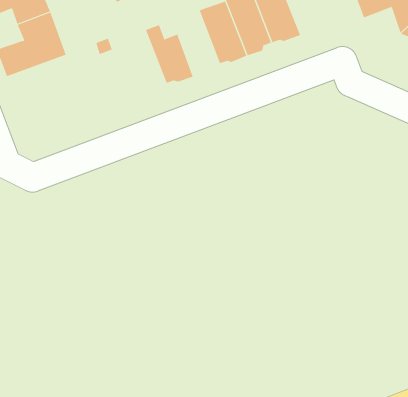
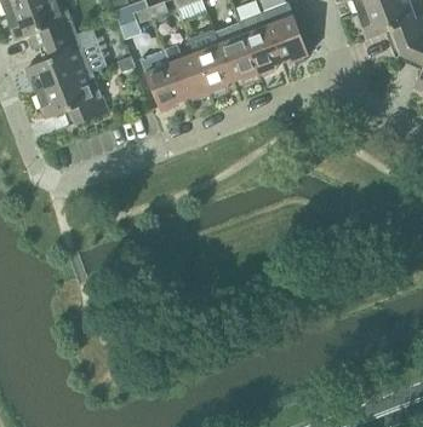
building: none -> [188,29,233,93]
building: none -> [139,50,183,111]
building: none -> [35,73,107,123]

